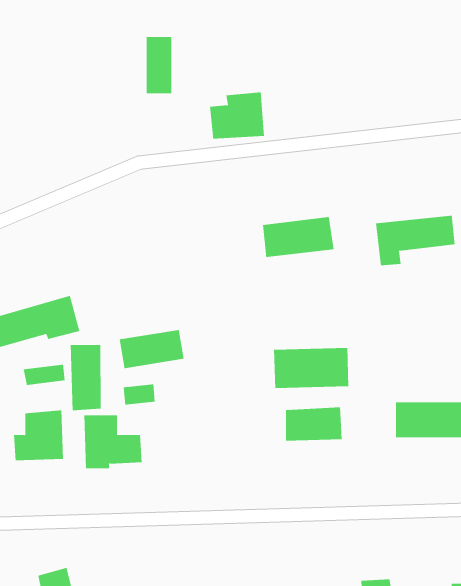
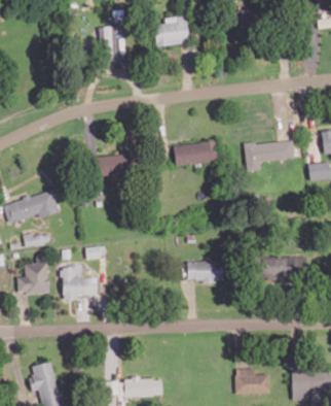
building: [209,92,265,139] -> [154,15,189,45]
building: [119,329,185,369] -> [95,151,136,176]
building: [70,344,101,411] -> none
building: [274,347,349,389] -> none

